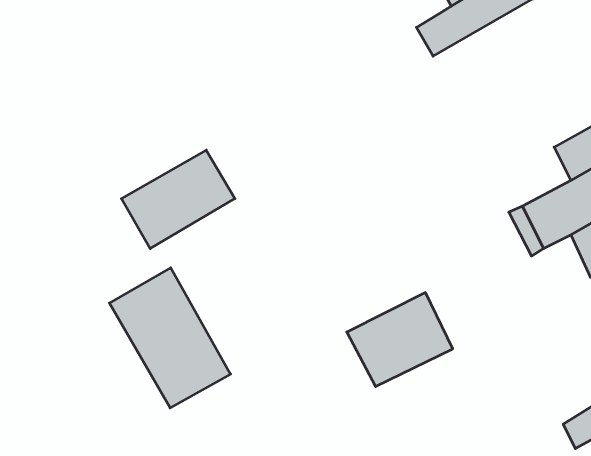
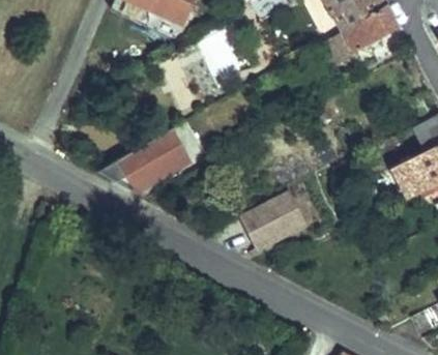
building: [109,268,231,408] -> none
building: [347,293,453,387] -> [233,190,305,255]

